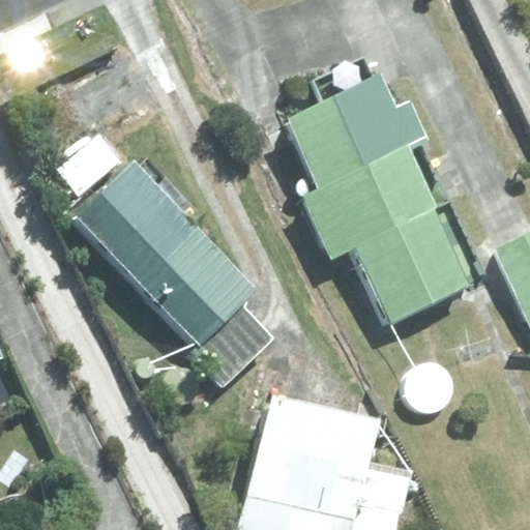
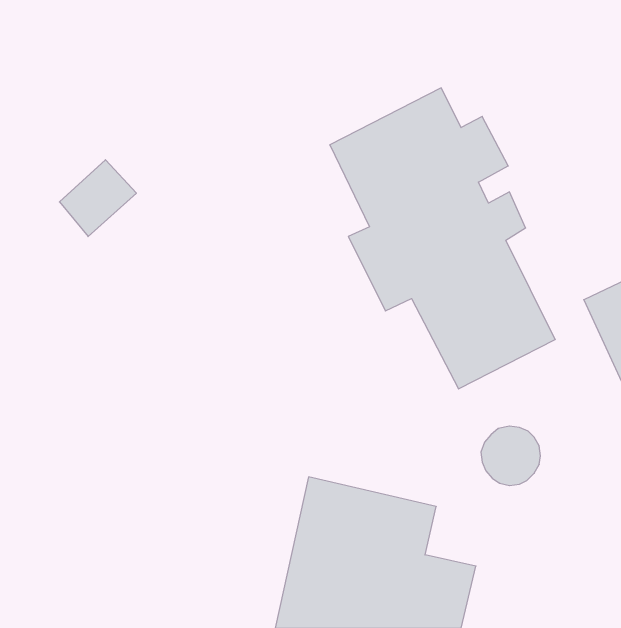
building: [76,165,275,387] -> none

